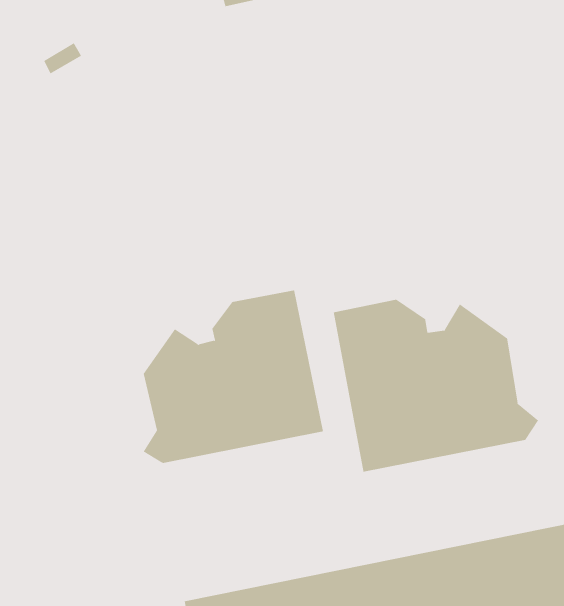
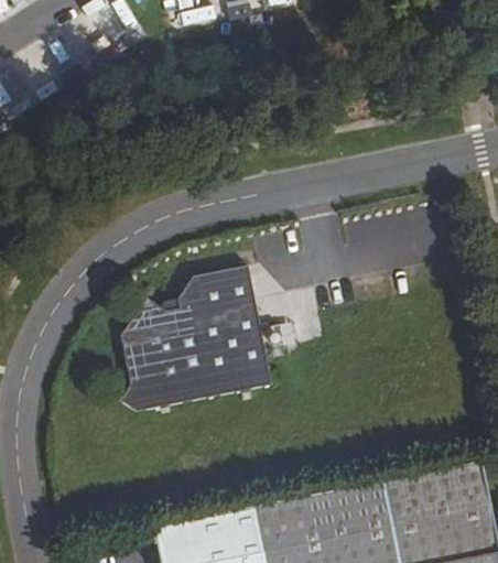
building: [333,299,539,472] -> none

